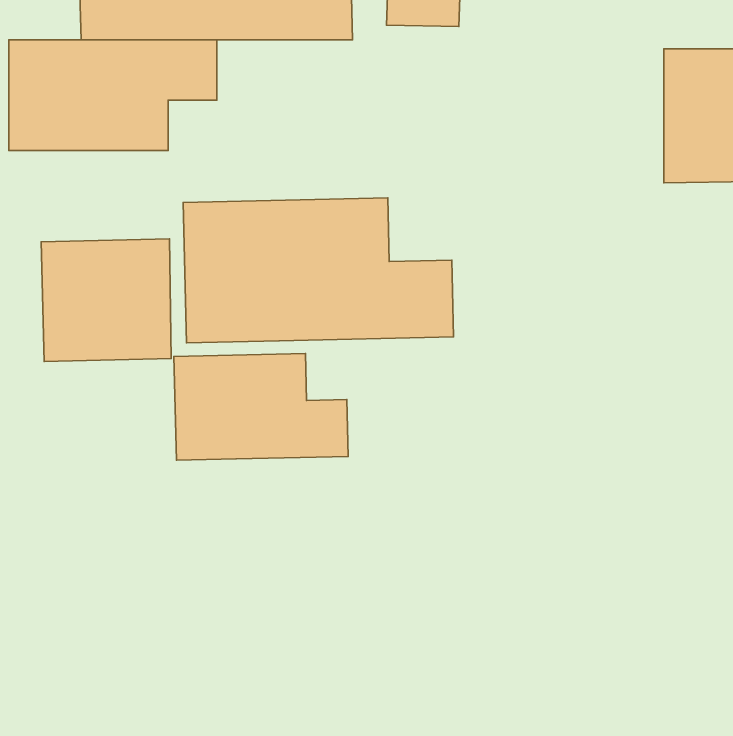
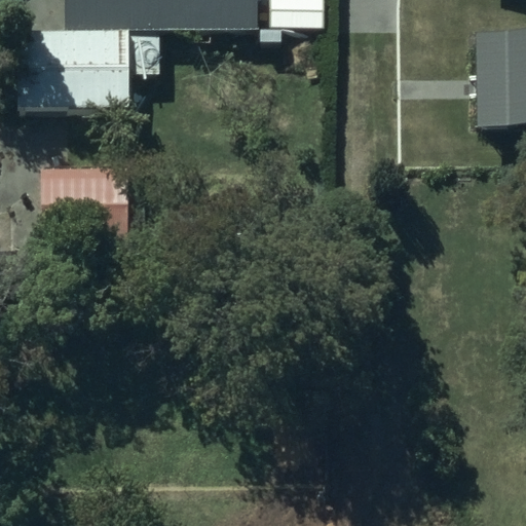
building: [183,198,454,343] -> none
building: [174,353,348,460] -> none

